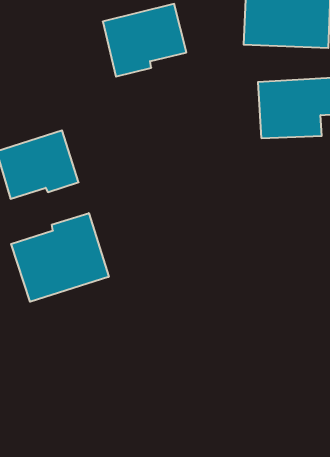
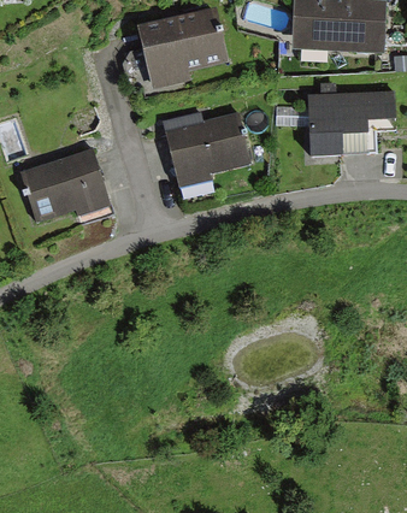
building: none -> [161,111,250,187]
building: [11,213,109,302] -> none

